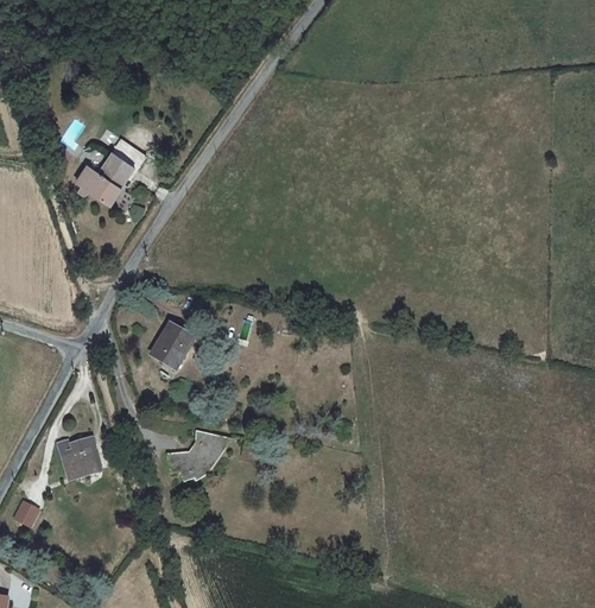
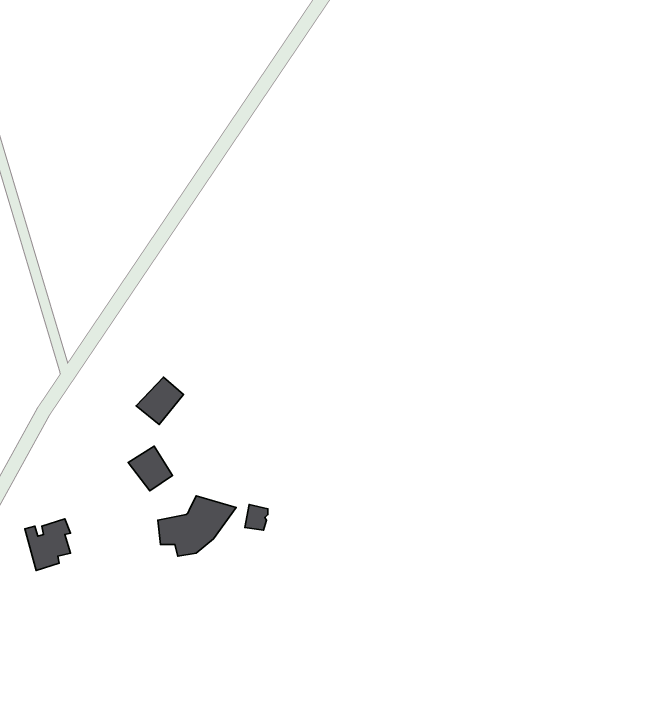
building: [74,140,146,204] -> none
building: none -> [128,446,172,491]

